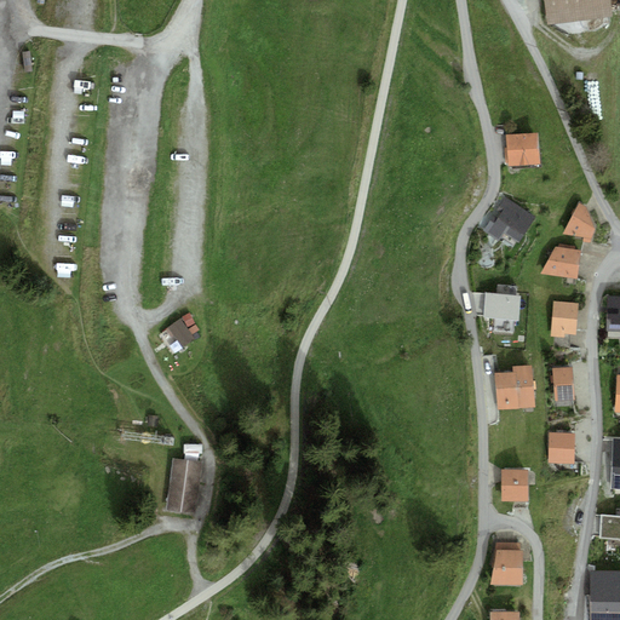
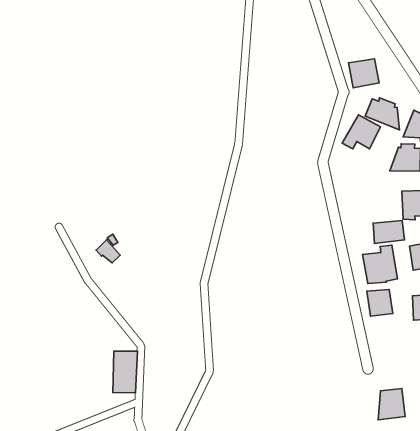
building: none -> [365,98,400,130]
building: [482,291,519,316] -> [373,221,405,244]
building: [500,470,529,501] -> [367,289,393,316]

